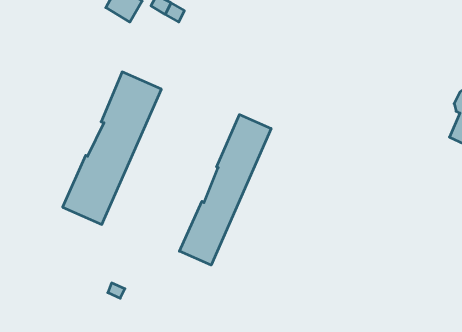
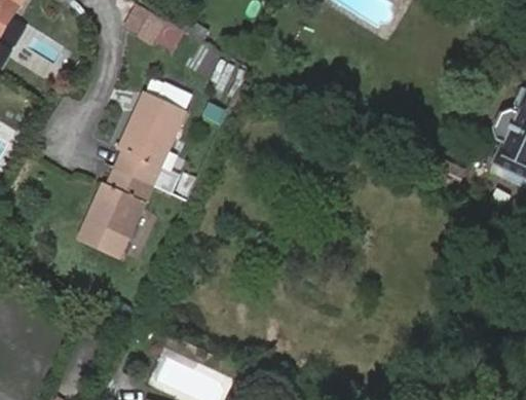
building: [179,115,271,265] -> none

